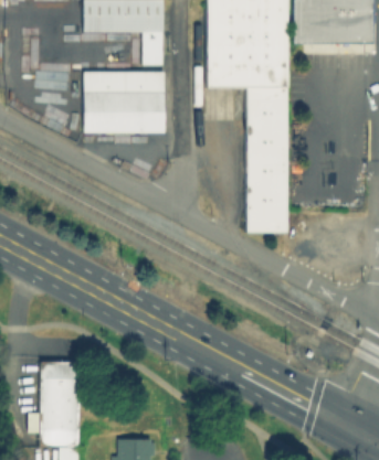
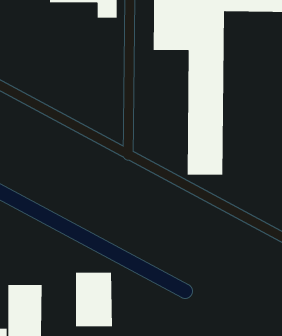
building: [81,68,161,129] -> none
building: none -> [76,272,113,327]

